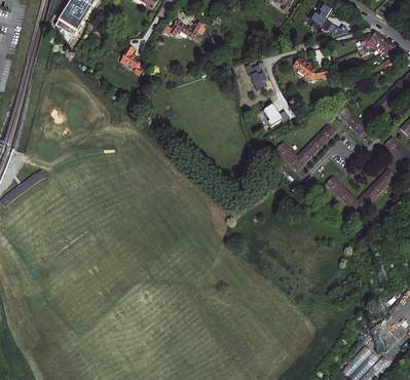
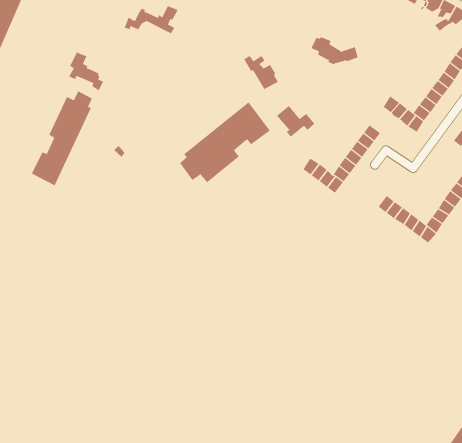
building: none -> [31,90,93,186]
building: none -> [179,101,271,183]

